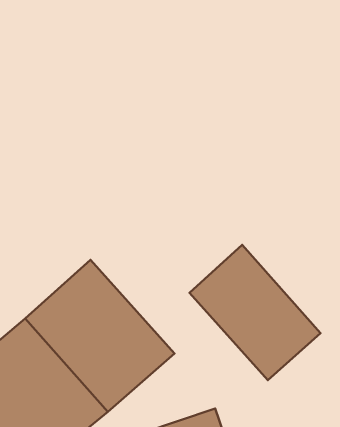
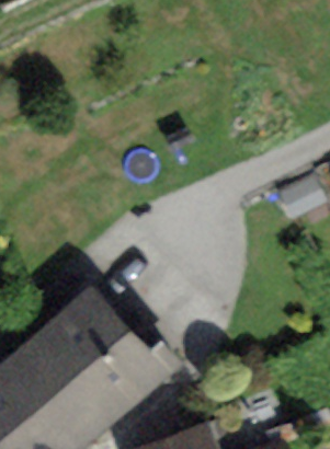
building: [190,245,320,380] -> none

